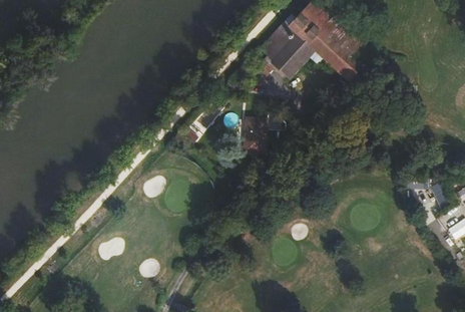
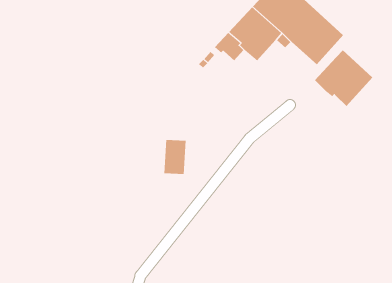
building: none -> [314,50,373,107]
building: [244,118,267,153] -> [164,139,187,174]

